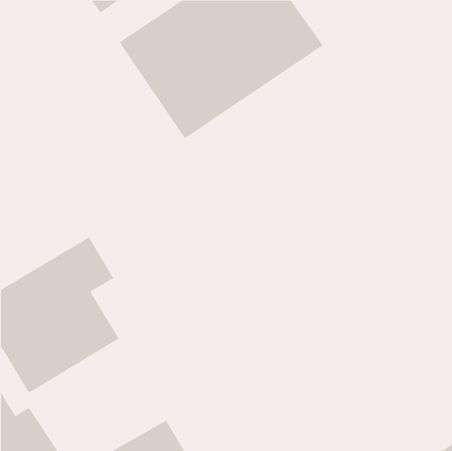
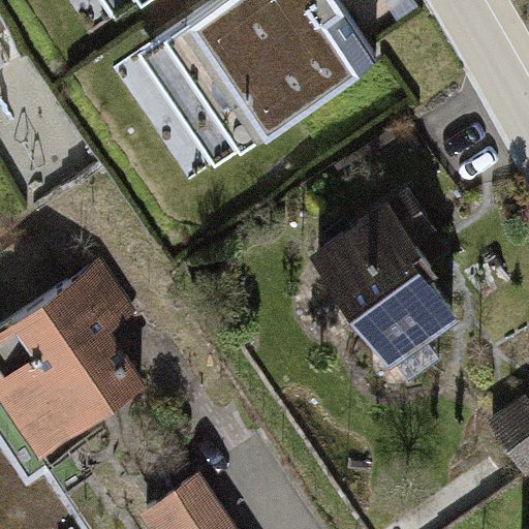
building: none -> [306,177,471,349]

